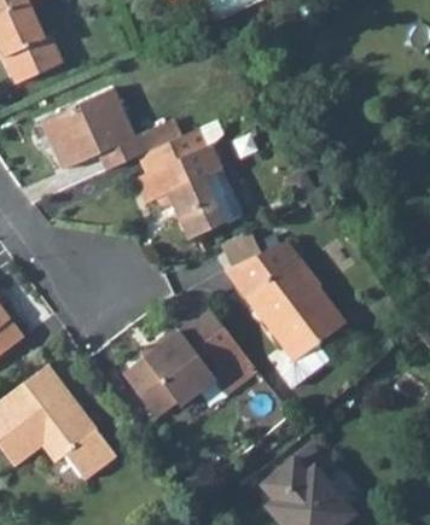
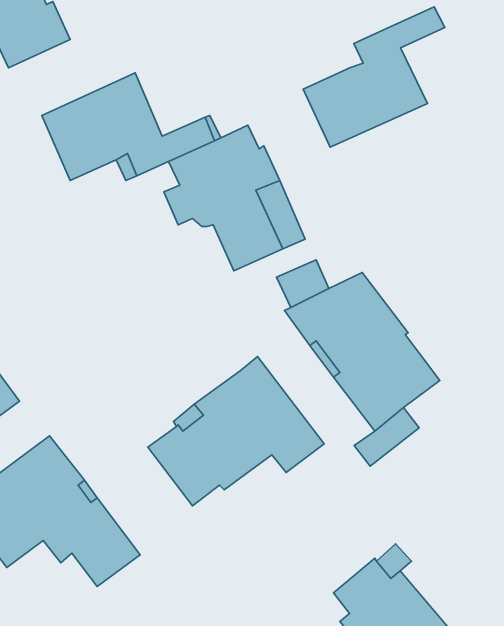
building: none -> [303,7,445,147]

